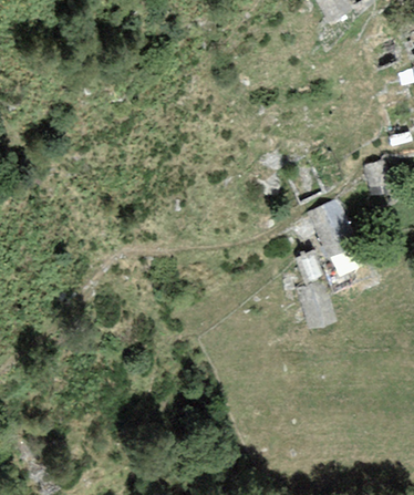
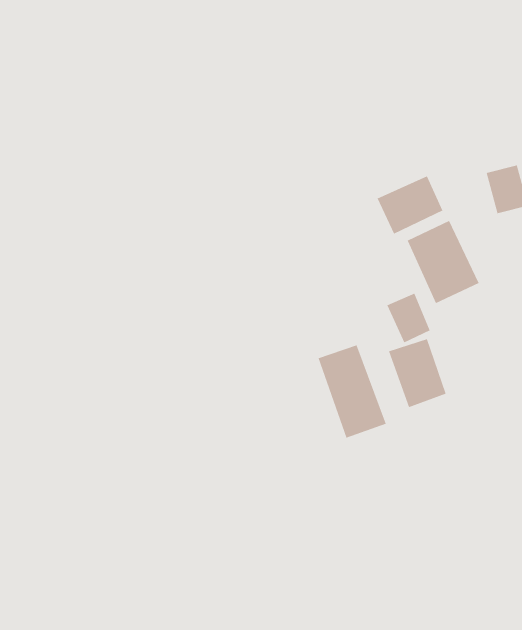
building: none -> [377,175,443,235]
building: none -> [318,345,386,439]

